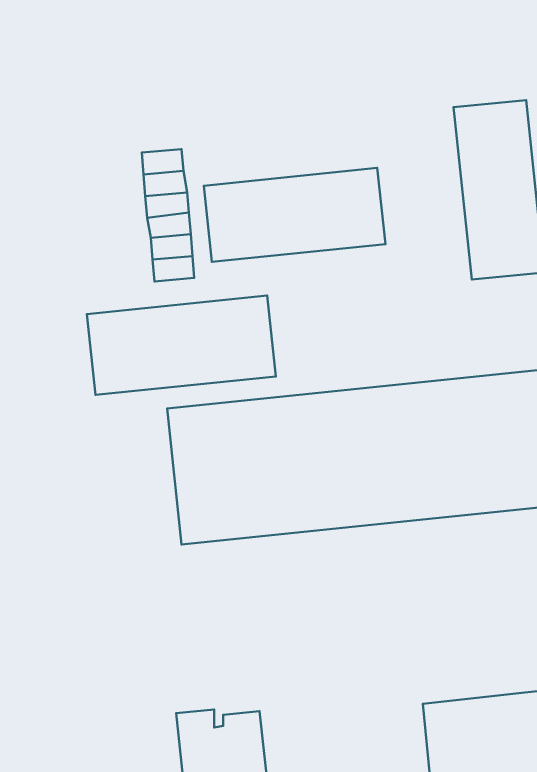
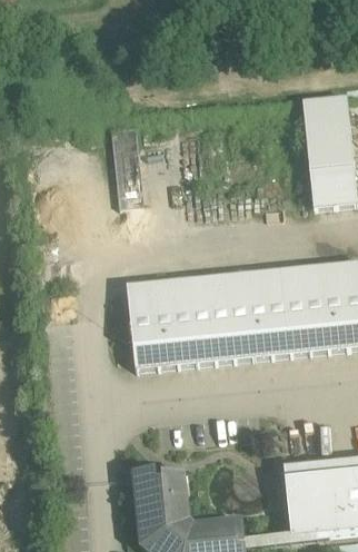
building: [204,168,386,262] -> none
building: [87,295,276,395] -> none

